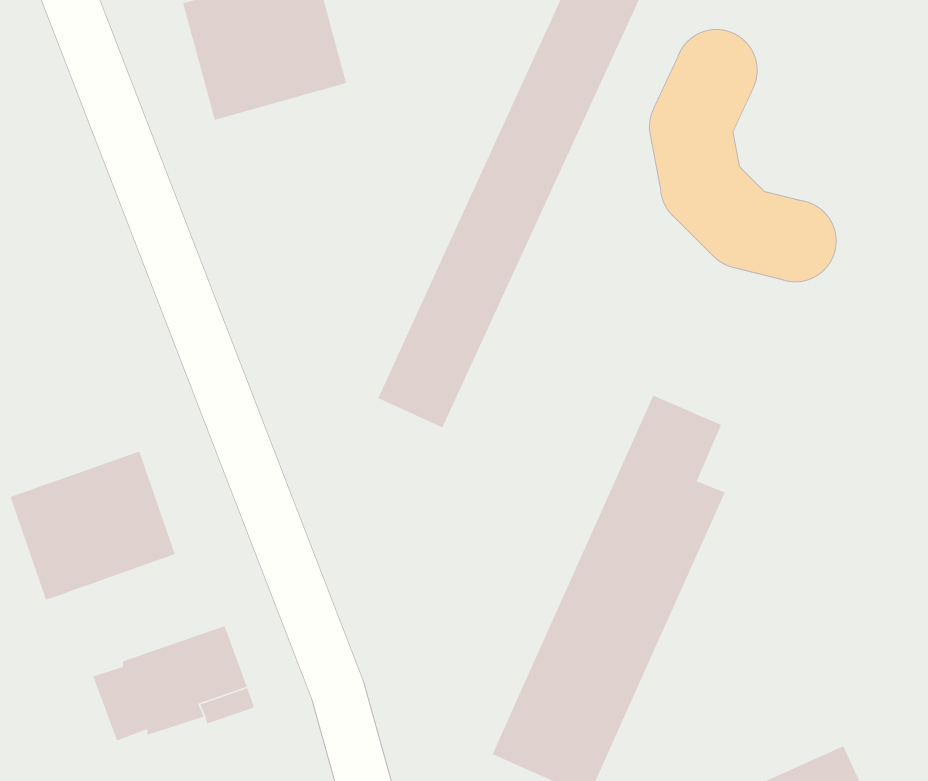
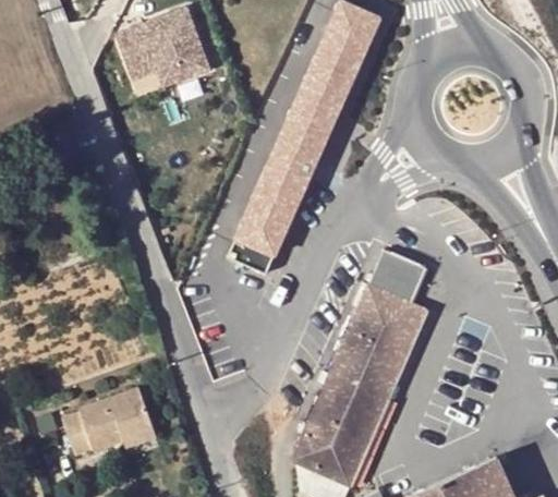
building: [9,450,176,601] -> none

